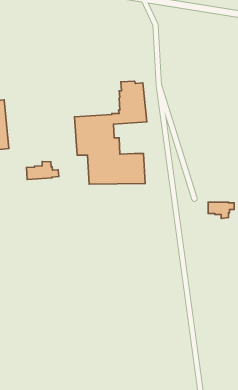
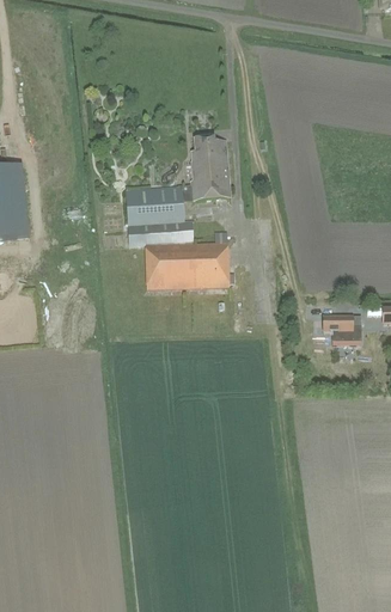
building: [27,162,59,179] -> none

